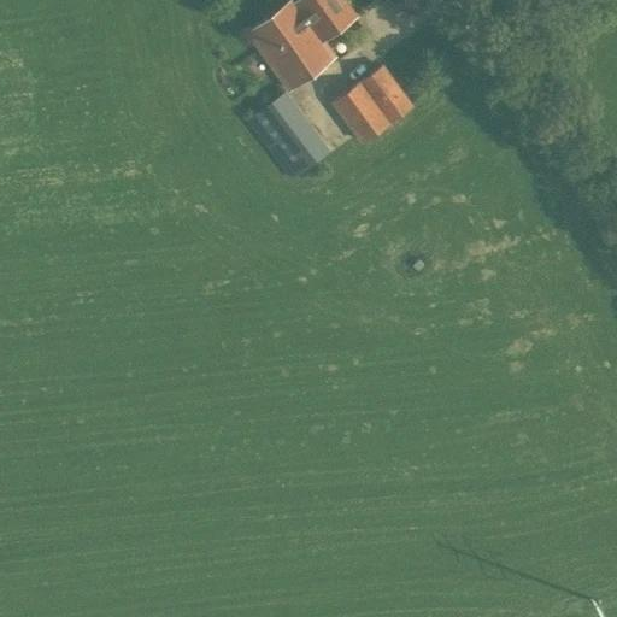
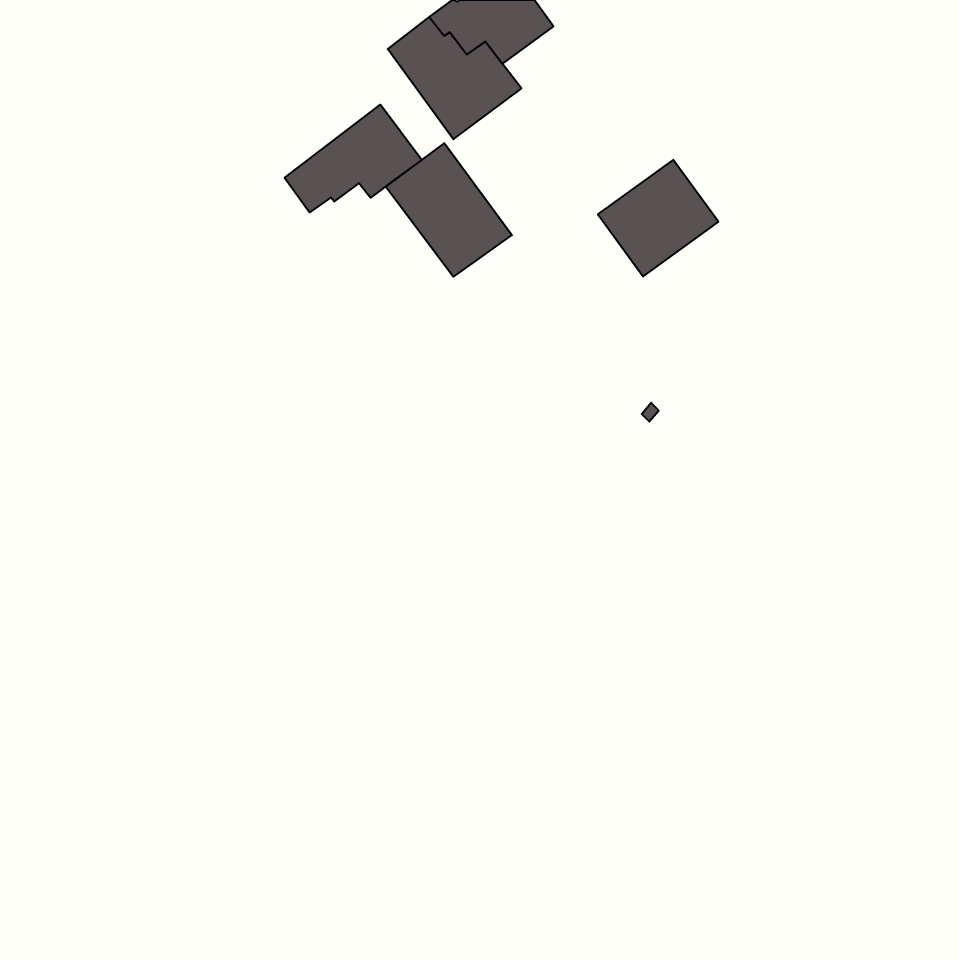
building: [335,66,412,141] -> [598,160,718,276]
building: none -> [285,105,422,212]

